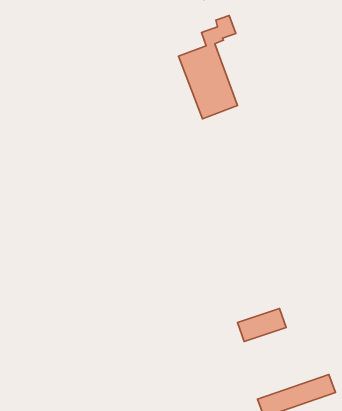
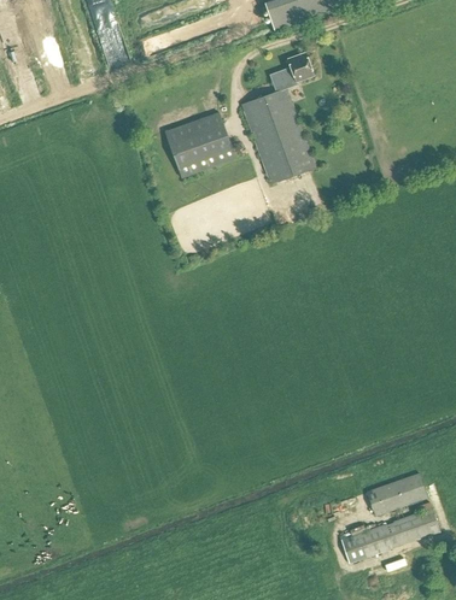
building: none -> [165,112,236,178]
building: [237,308,286,342] -> [367,472,428,514]

